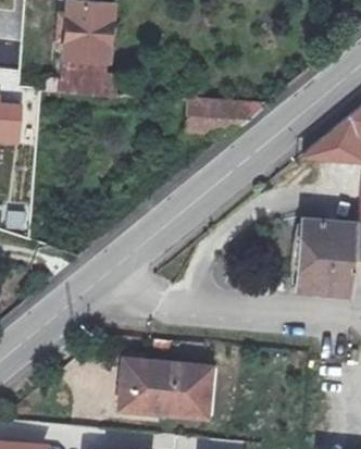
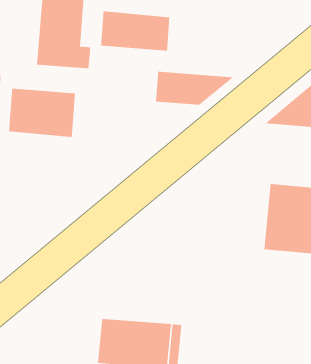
building: none -> [100,11,170,52]
building: none -> [9,88,76,138]

